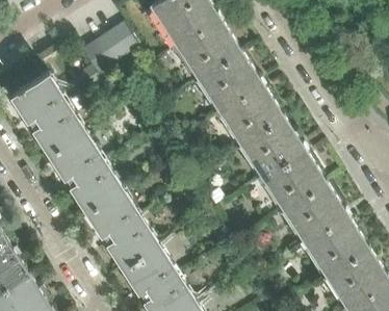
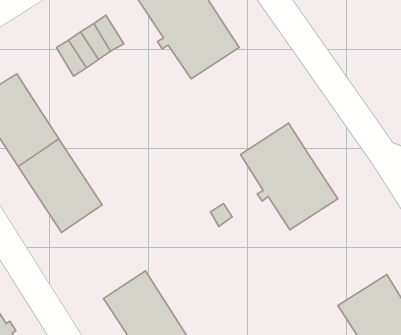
building: [199,52,283,145] -> none
building: [284,183,368,276] -> none
building: [86,188,159,269] -> none

